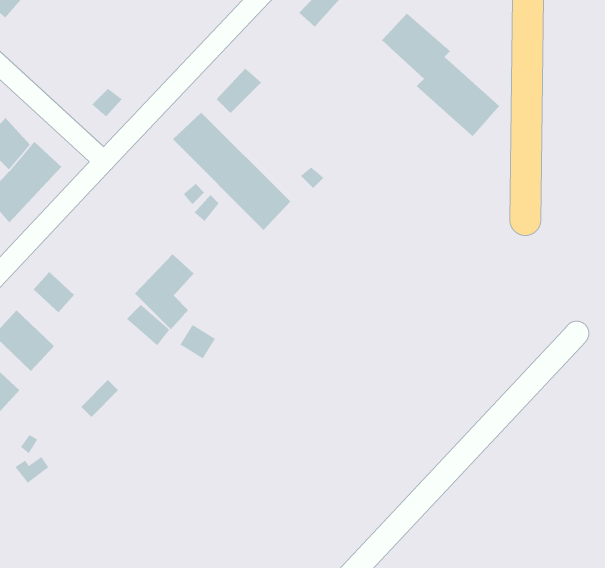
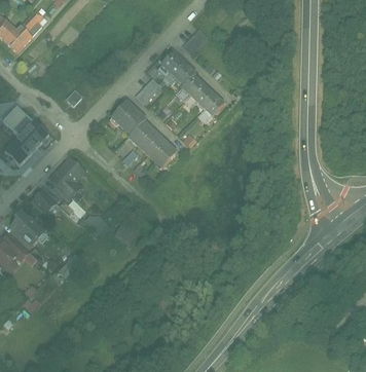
building: [381,13,500,137] -> [158,49,225,119]
building: [134,253,194,330] -> [47,157,81,200]

